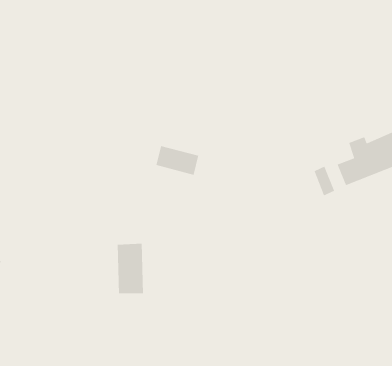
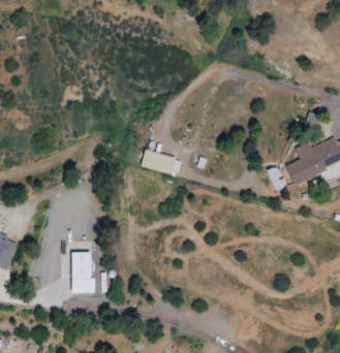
building: [117,243,144,294] -> [71,252,93,293]

